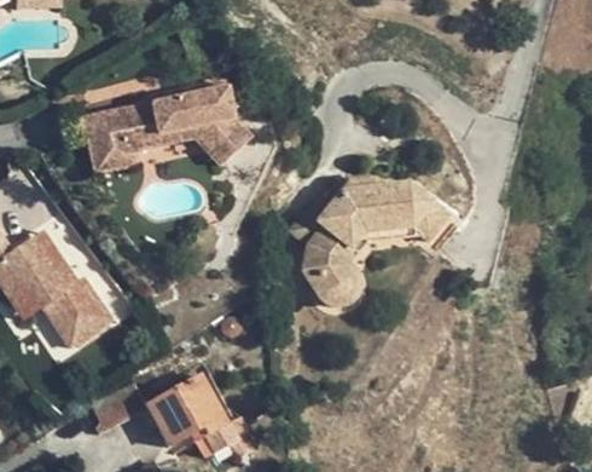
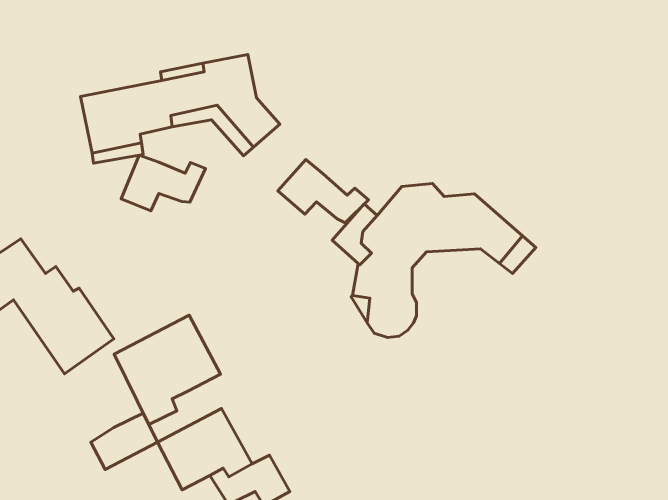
building: none -> [121,155,205,211]
building: none -> [278,160,368,223]
building: none -> [114,315,220,424]

